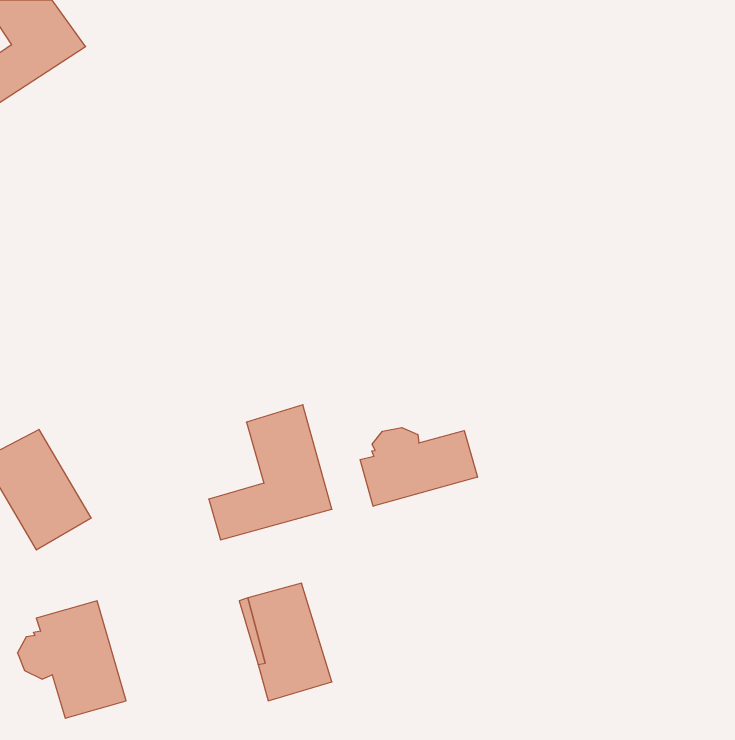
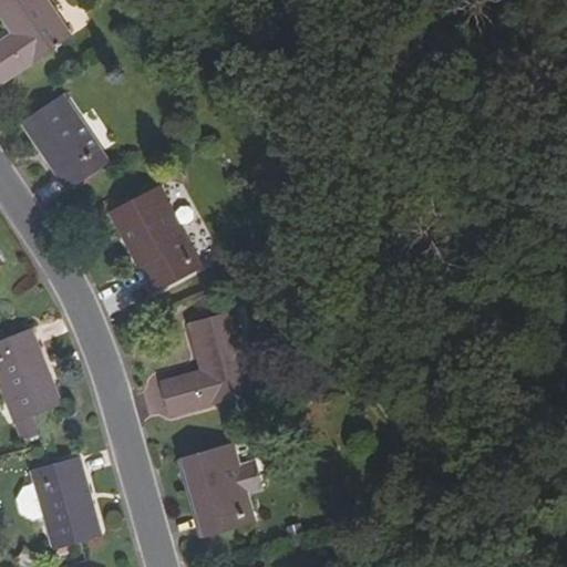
building: none -> [18,95,105,190]
building: none -> [110,177,203,280]
building: [360,428,477,506] -> none

